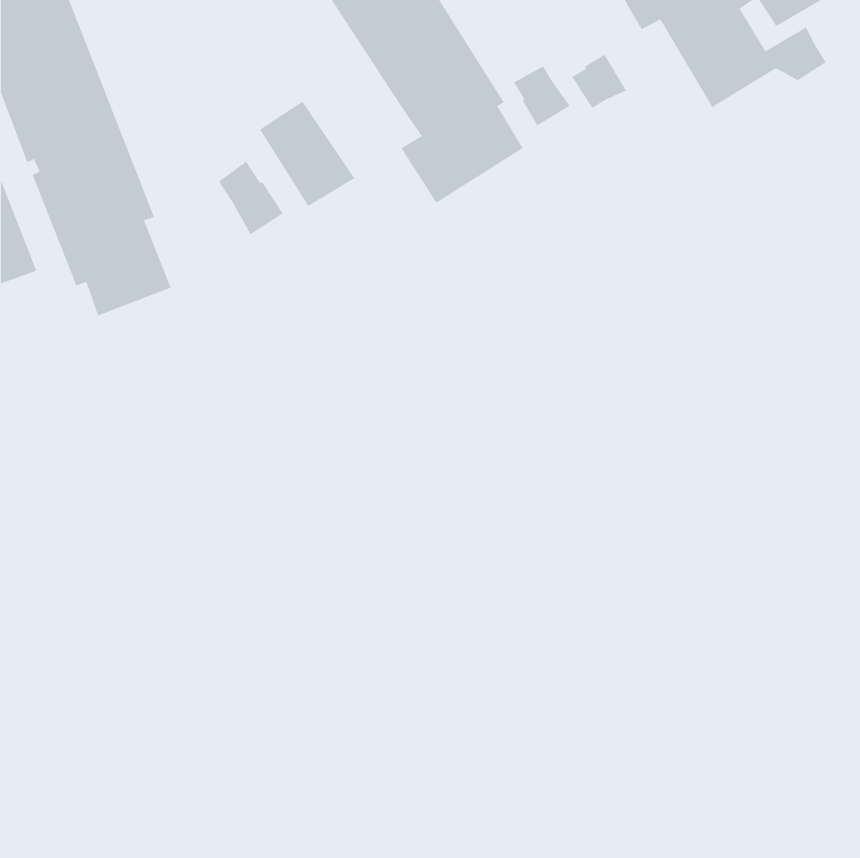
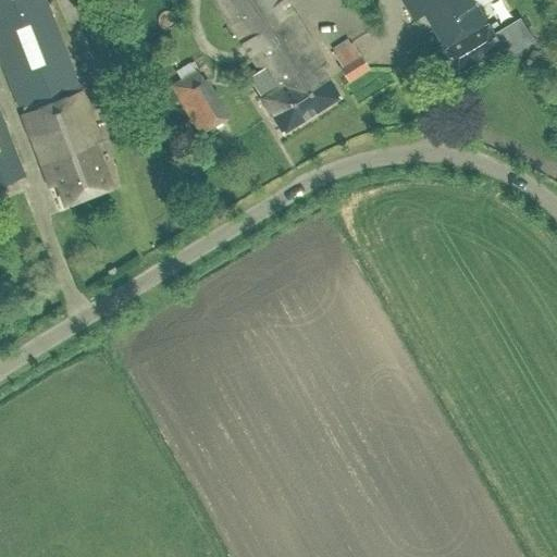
building: [572,54,627,109] -> none
building: [218,161,284,235] -> none

